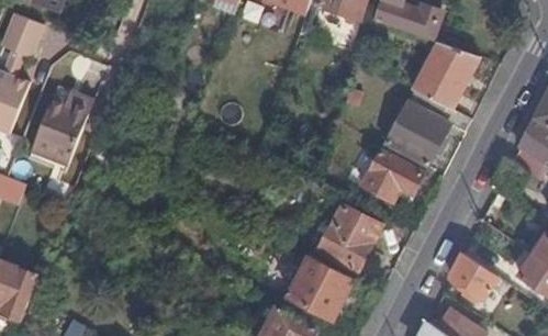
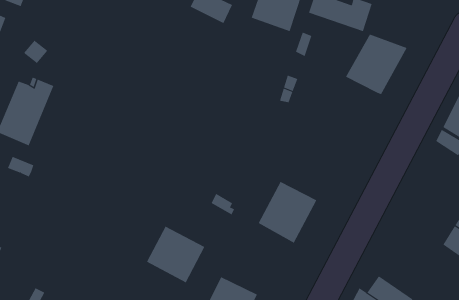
building: [387,102,471,166] -> none
building: [364,152,424,202] -> none
building: [450,251,499,299] -> none
building: [289,256,354,318] -> [146,226,205,283]

